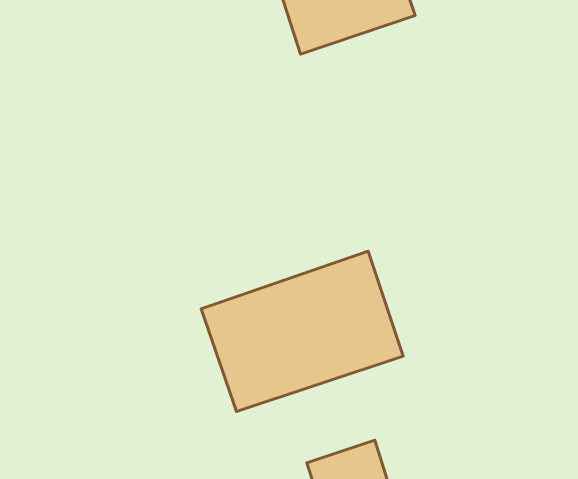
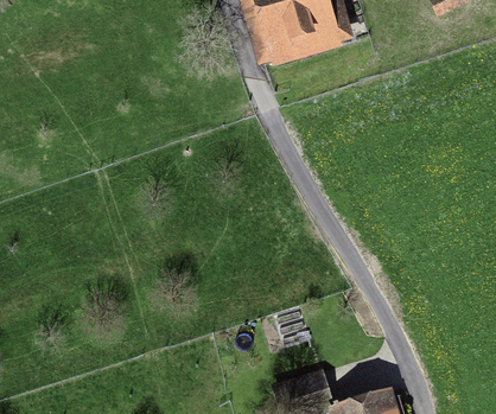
building: [201,251,403,411] -> none

